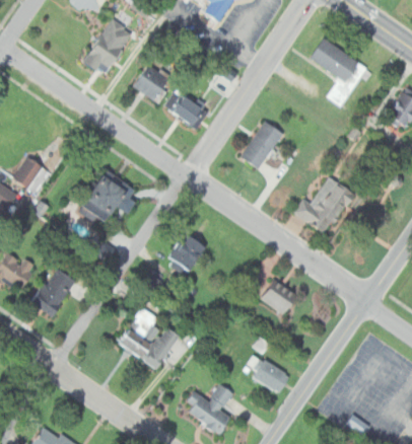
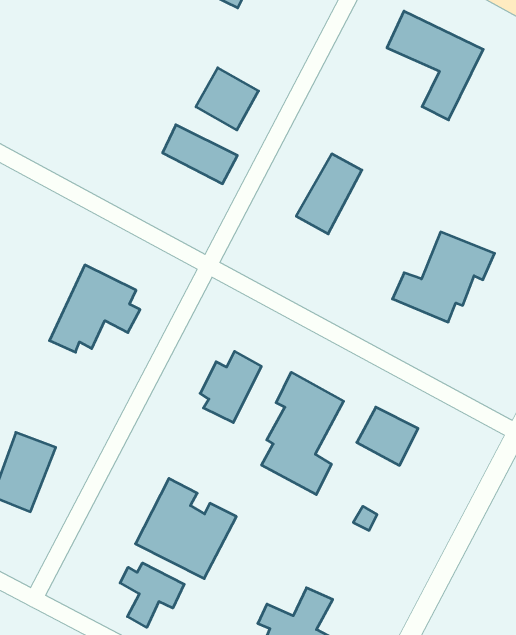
building: [86,20,130,76] -> none
building: [132,63,171,102] -> [196,68,259,130]
building: none -> [262,372,344,495]
building: none -> [120,563,184,627]
building: [250,358,290,392] -> none

